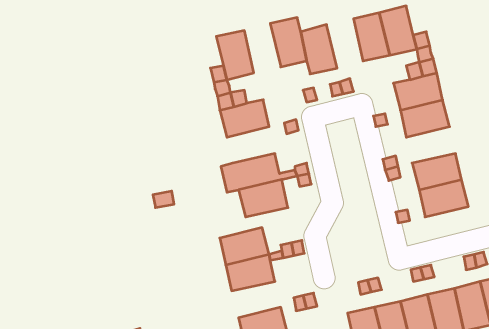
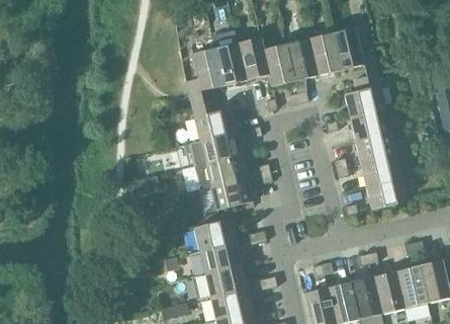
building: none -> [285,38,317,81]
building: none -> [214,43,246,85]
building: none -> [199,132,241,163]
building: none -> [354,132,396,163]
building: none -> [203,265,246,297]

